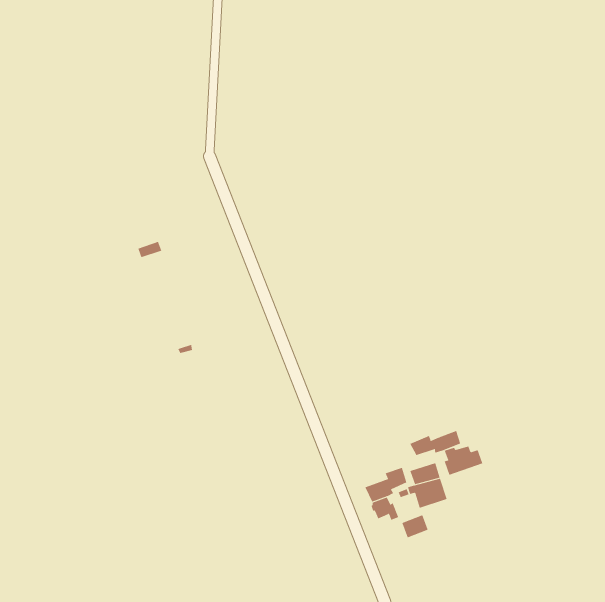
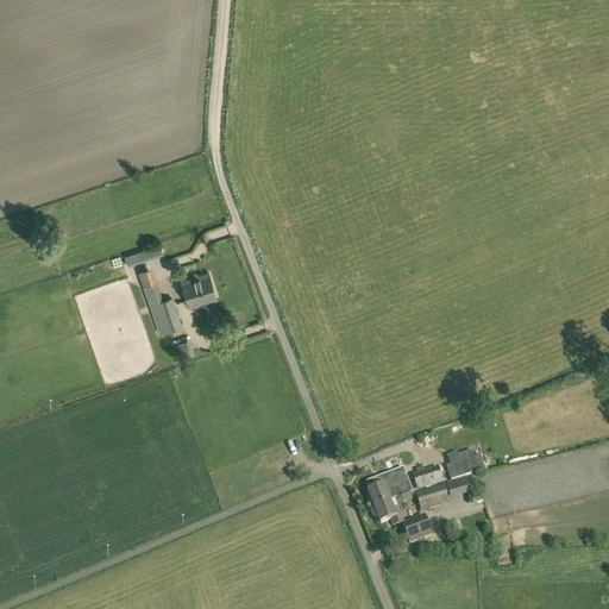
building: none -> [181,270,216,304]
building: none -> [144,281,182,331]
building: [410,430,461,456] -> none

